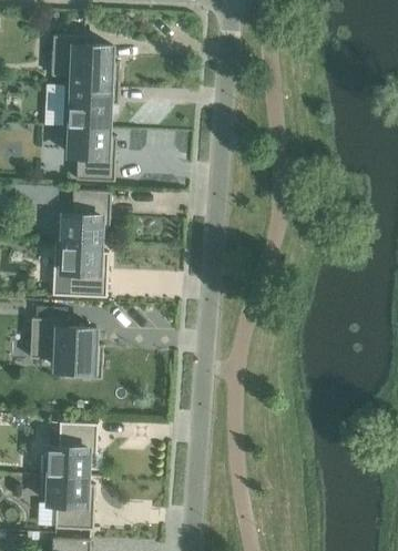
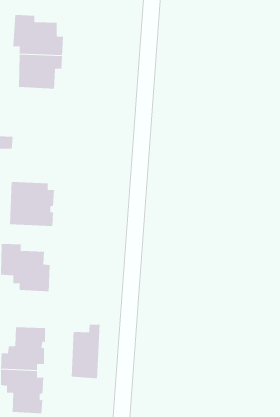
building: [61,125,115,181] -> none
building: [53,190,110,244] -> none
building: none -> [71,324,100,379]

